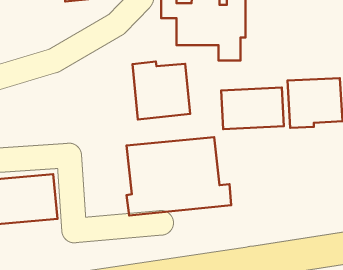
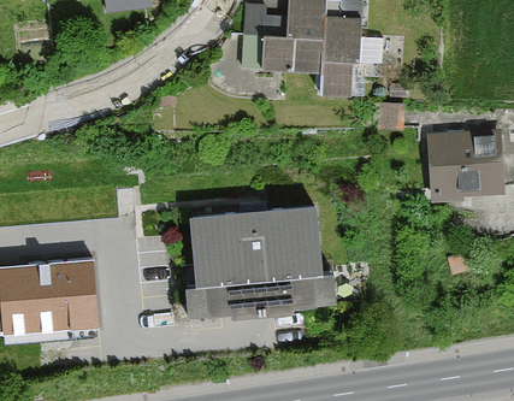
building: [132,61,190,119] -> none
building: [221,87,284,129] -> none

